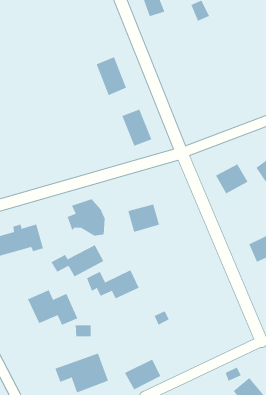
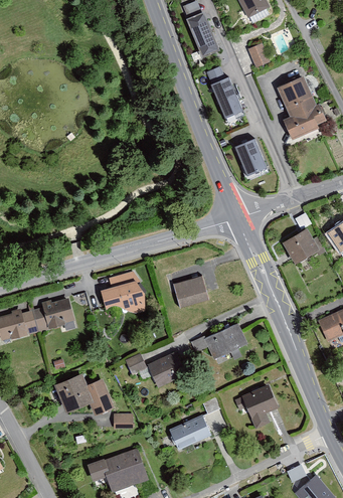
building: none -> [274,74,322,139]
building: [96,56,127,96] -> [209,78,244,124]
building: [122,109,152,147] -> [236,140,272,183]
building: [51,245,104,277] -> [190,322,251,359]
building: none -> [239,380,287,427]
building: [124,359,161,390] -> [174,413,216,450]

